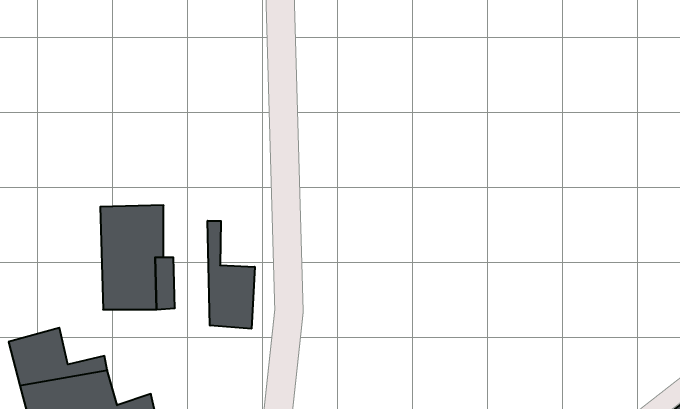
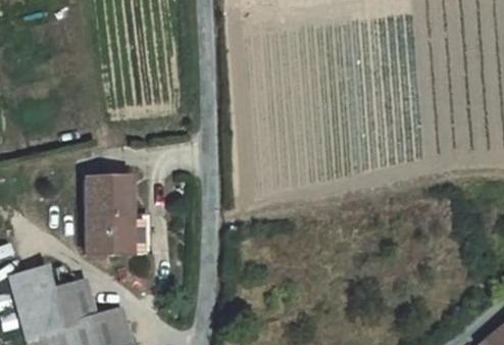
building: [208,221,255,329] -> none

